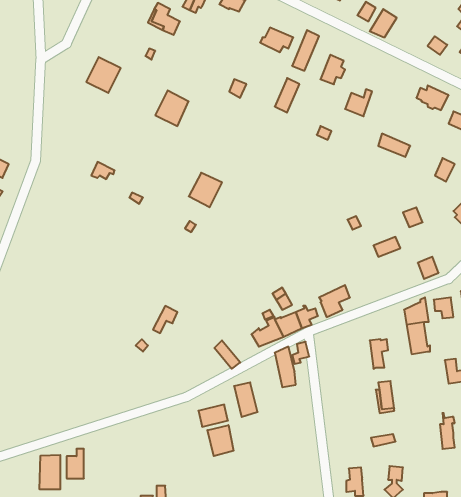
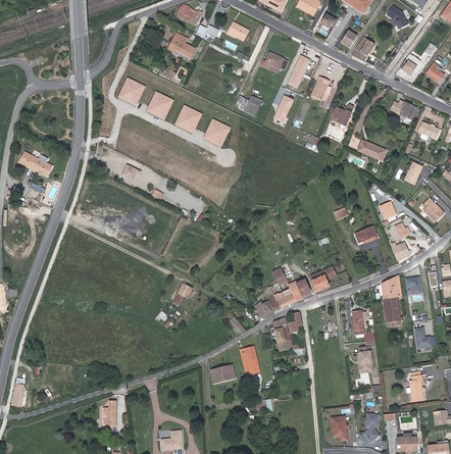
building: none -> [146,91,174,119]
building: [189,173,222,207] -> [203,118,231,147]
building: [207,425,234,456] -> none
building: [40,455,60,489] -> none

